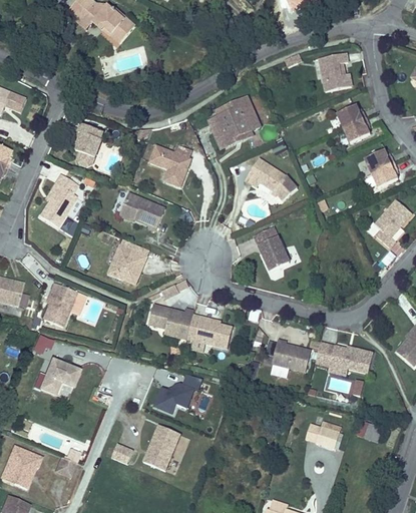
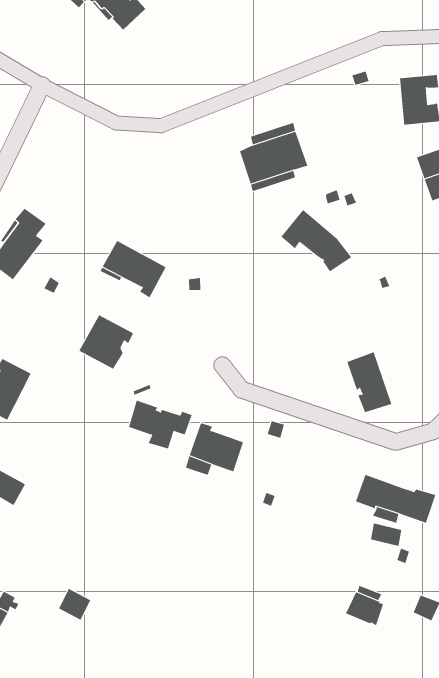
building: [76,123,103,166] -> none
building: [150,144,192,186] -> none
building: [255,226,290,271] -> [347,352,392,413]
building: [273,339,312,371] -> none
building: [154,384,196,415] -> none
building: [143,423,182,470] -> none

